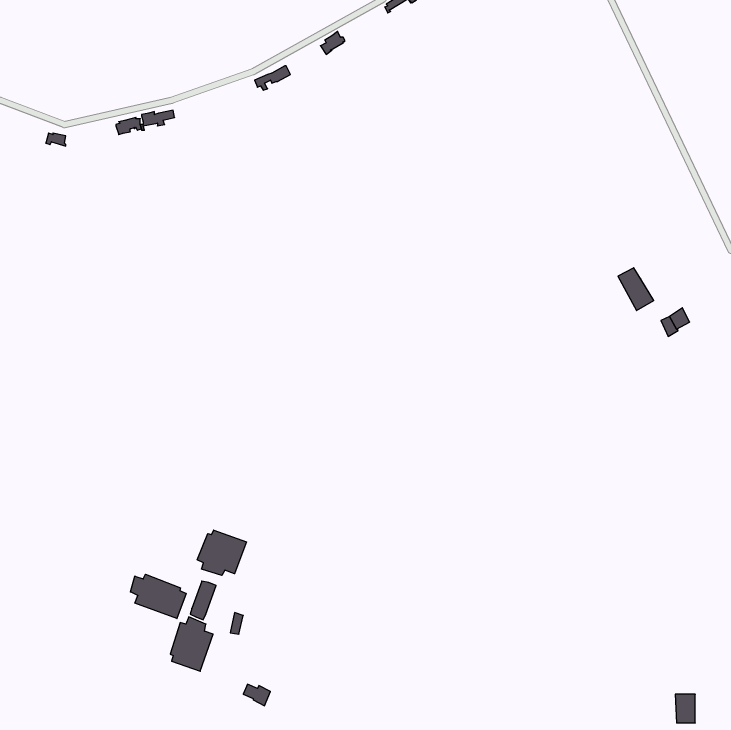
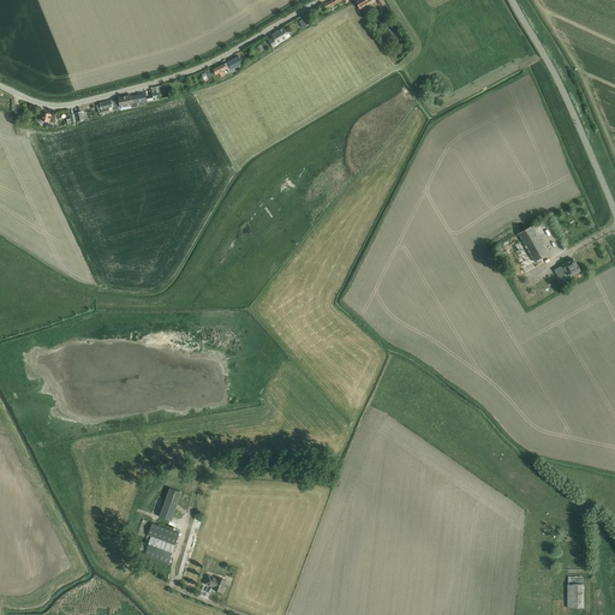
building: [197,530,246,575] -> none
building: [130,574,186,619] -> none

